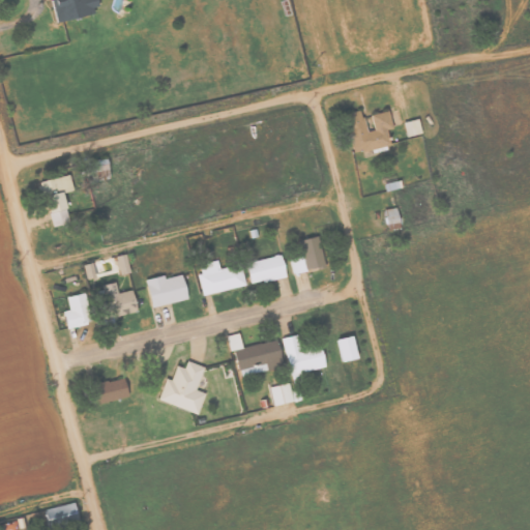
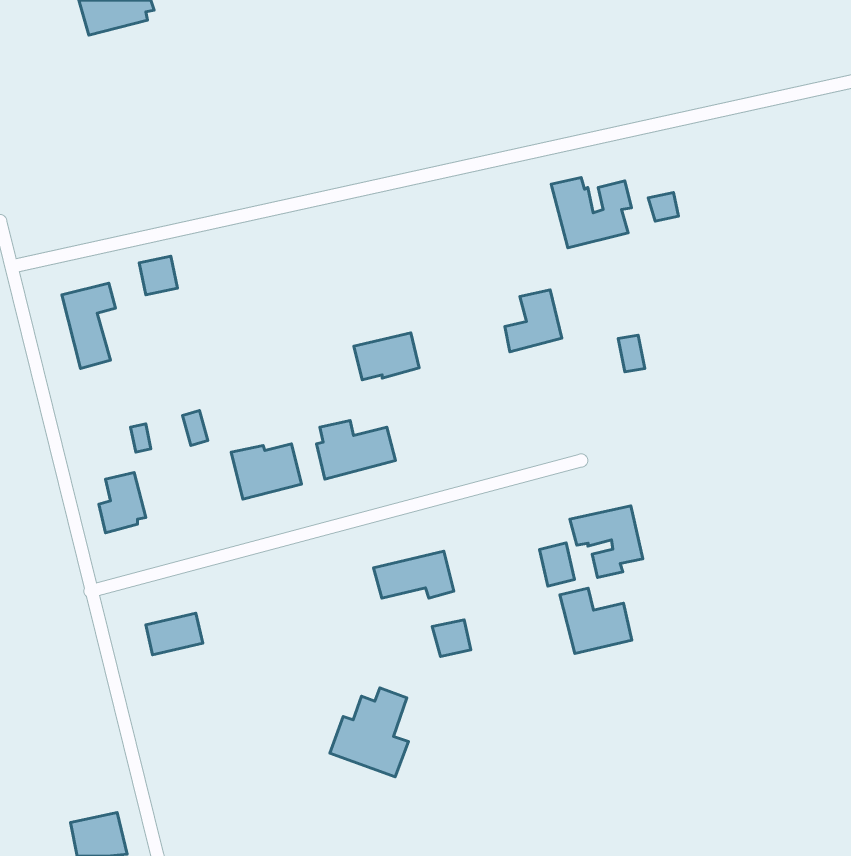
building: [291,236,326,274] -> [505,290,562,352]
building: [246,255,287,284] -> [354,333,419,380]
building: [93,282,139,322] -> none
building: none -> [570,506,643,578]
building: [282,334,326,375] -> [560,588,632,654]
building: [158,360,207,415] -> [330,688,408,777]

